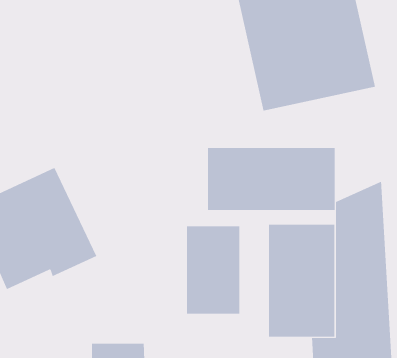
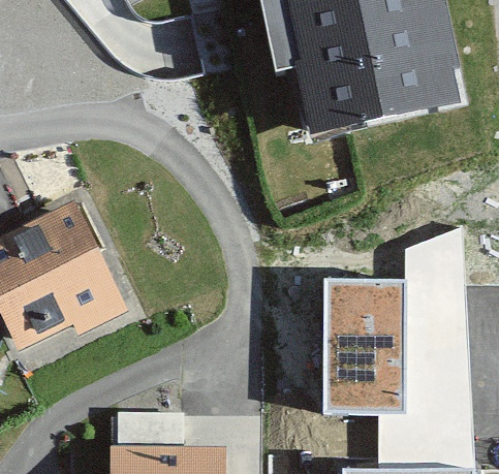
building: [208,147,335,211] -> none
building: [187,226,240,314] -> none

